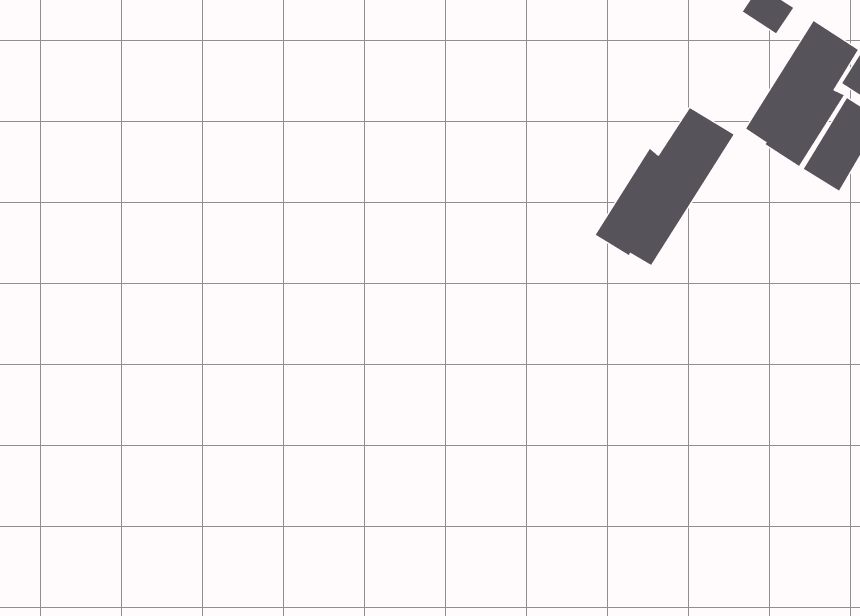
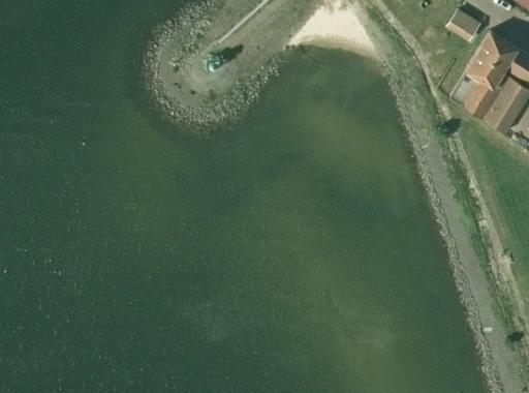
building: [595,107,734,266] -> none

